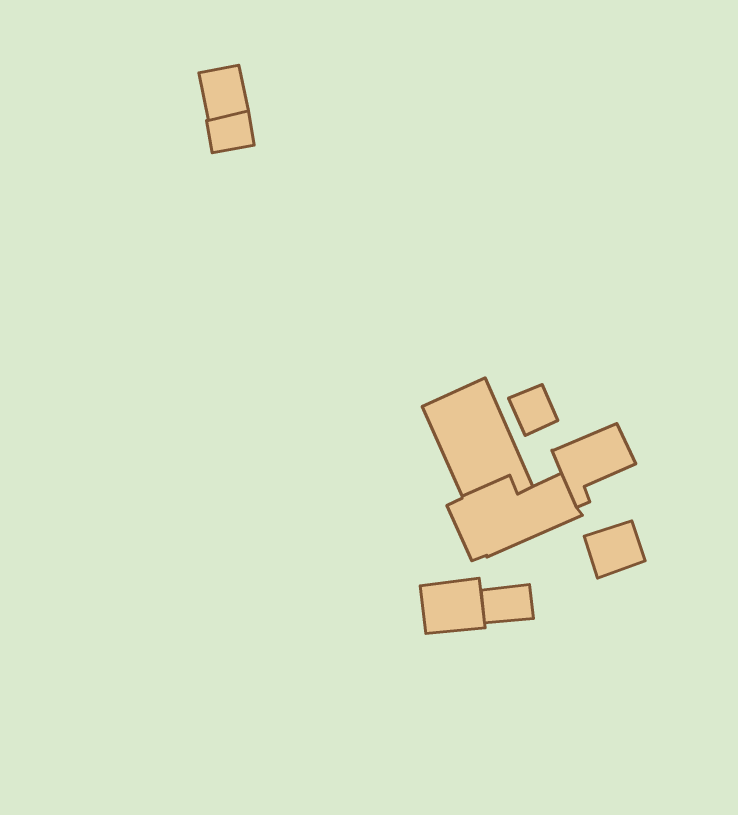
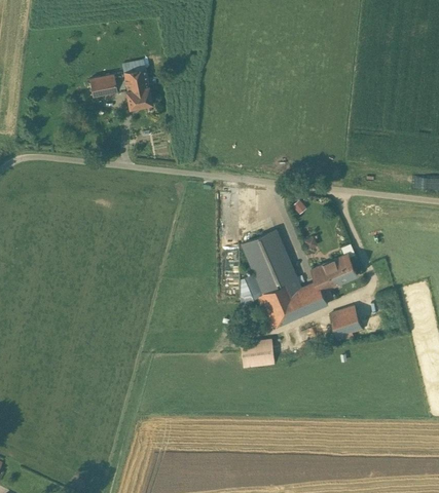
building: none -> [88,75,116,98]
building: [508,384,558,436] -> none
building: [481,585,534,623] -> none

